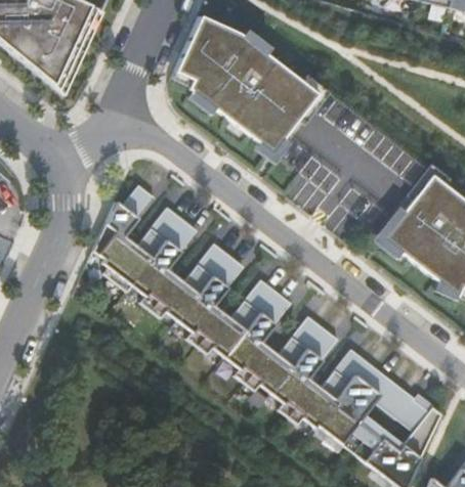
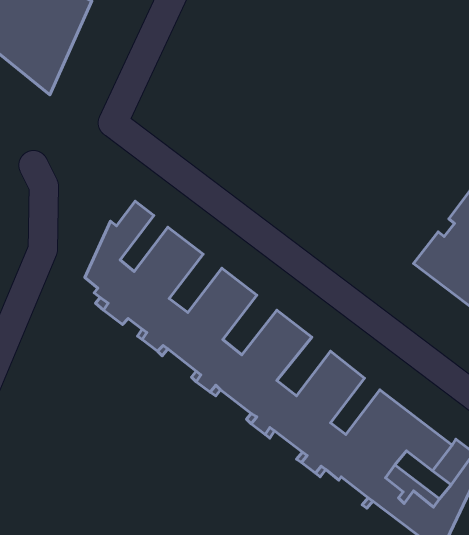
building: [173,14,316,145] -> none

